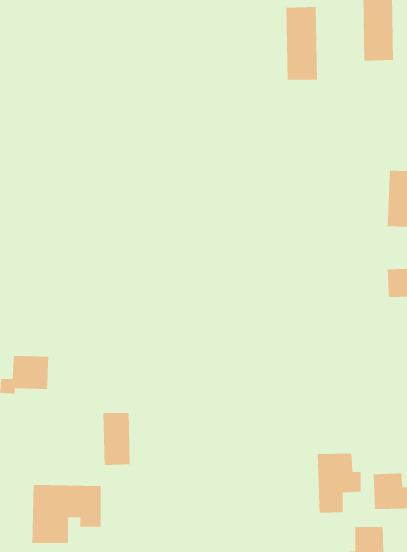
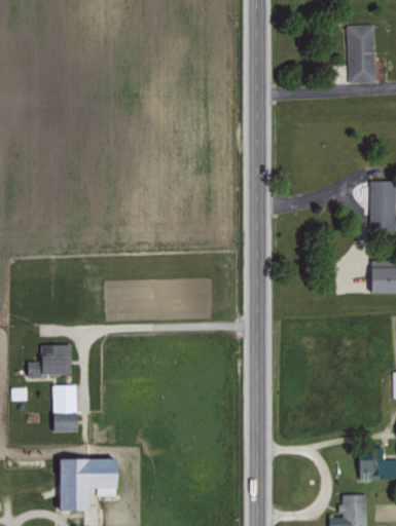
building: [286,6,318,81] -> none
building: [103,412,131,466] -> [52,385,77,433]
building: [317,453,362,514] -> none

